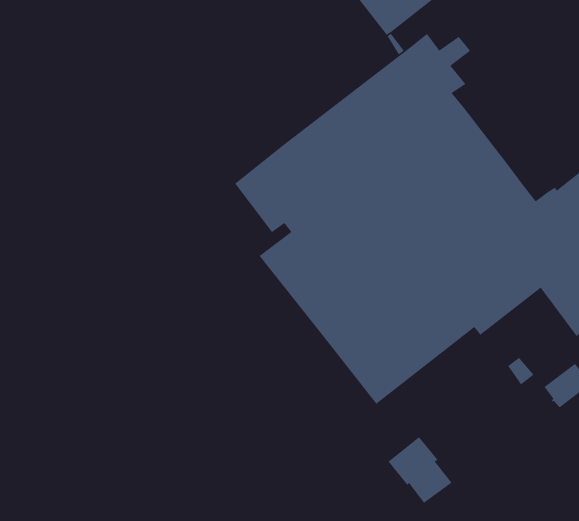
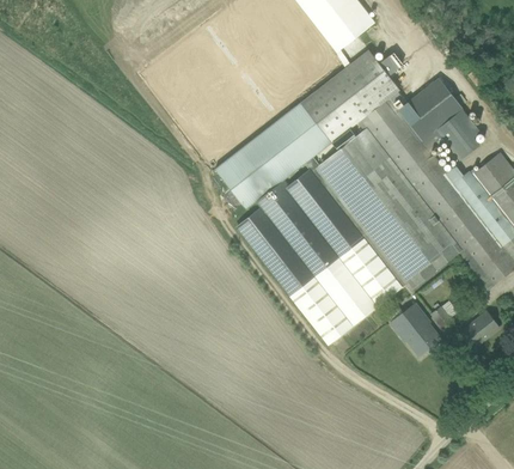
building: none -> [398,78,481,160]
building: [388,436,452,504] -> [390,302,441,355]

